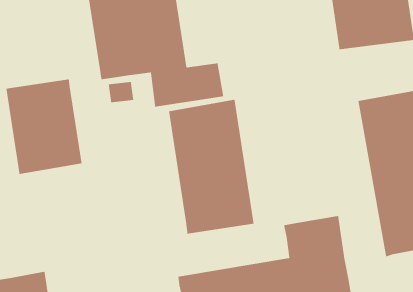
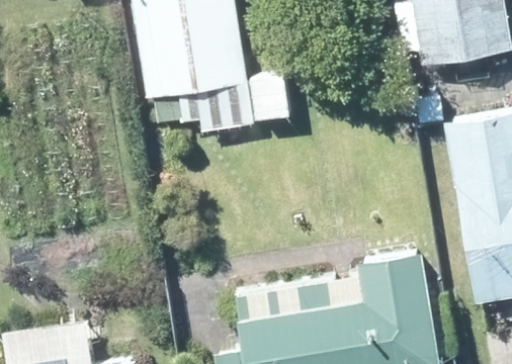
building: [6,79,82,175] -> none
building: [168,99,255,234] -> none

